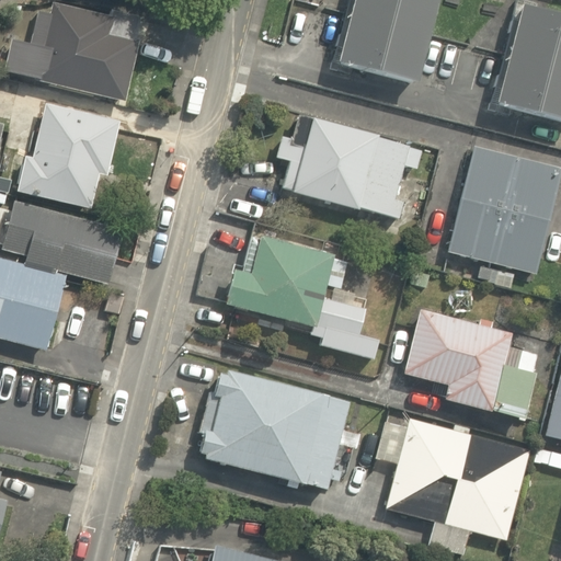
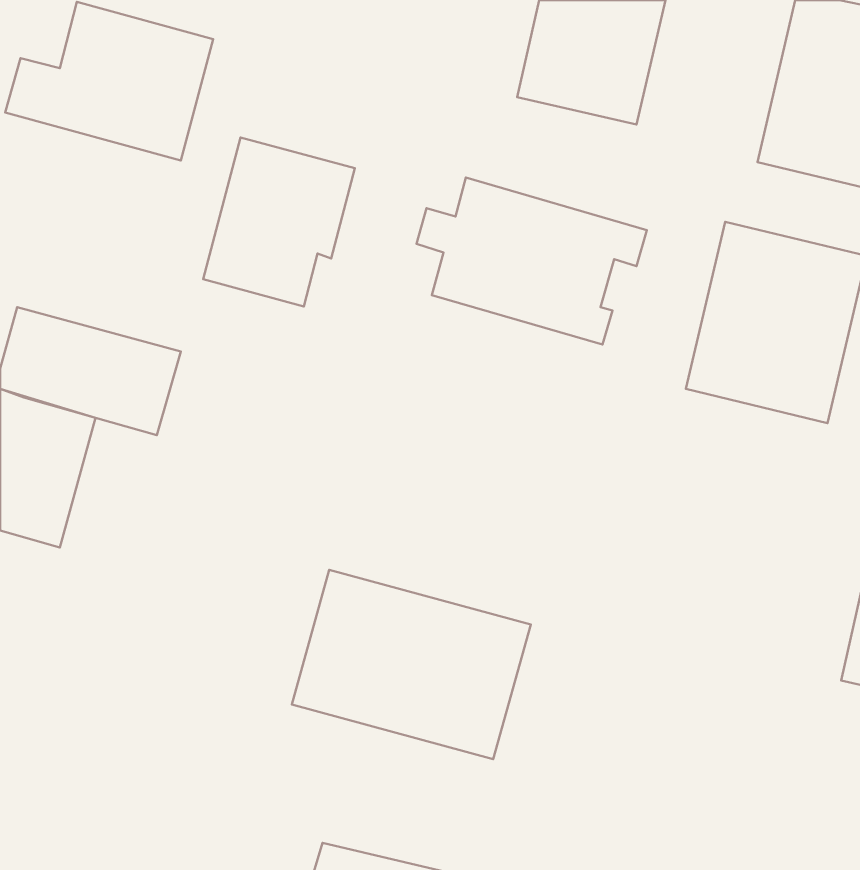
building: [25,103,123,211] -> [203,138,355,306]
building: [225,231,381,358] -> none
building: [399,305,536,422] -> none
building: [383,419,531,552] -> none

